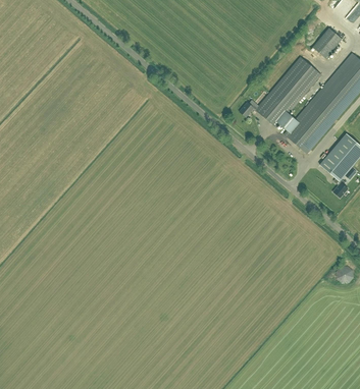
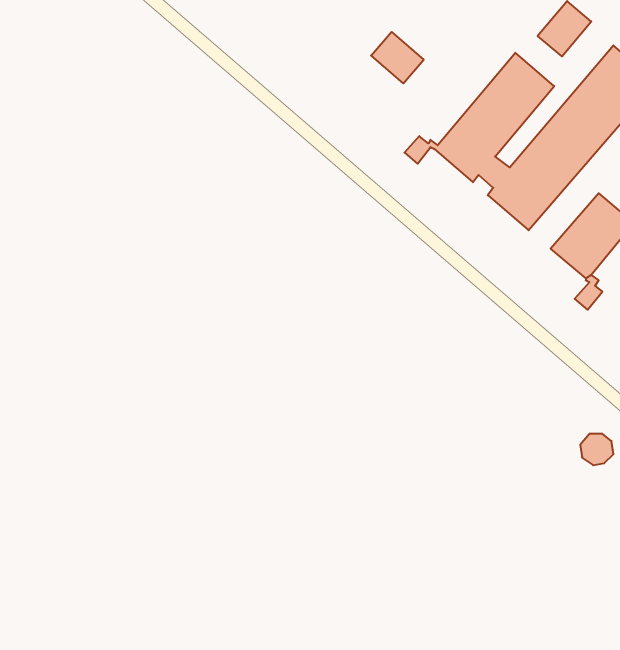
building: none -> [371,32,424,83]

